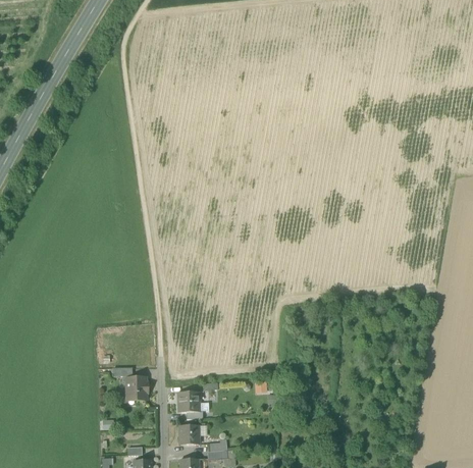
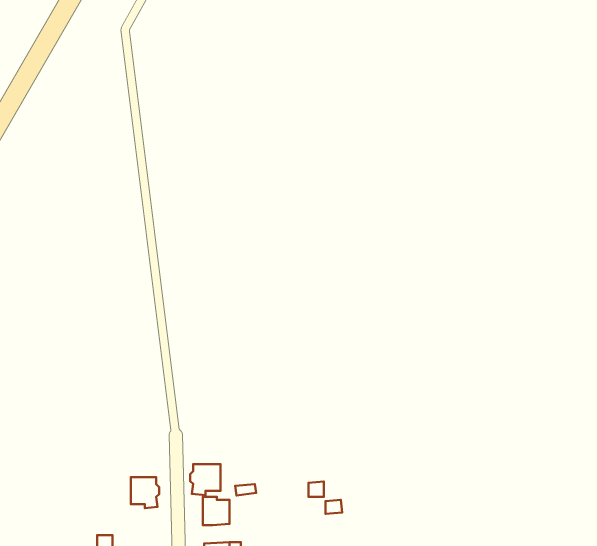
building: none -> [190,464,221,495]

